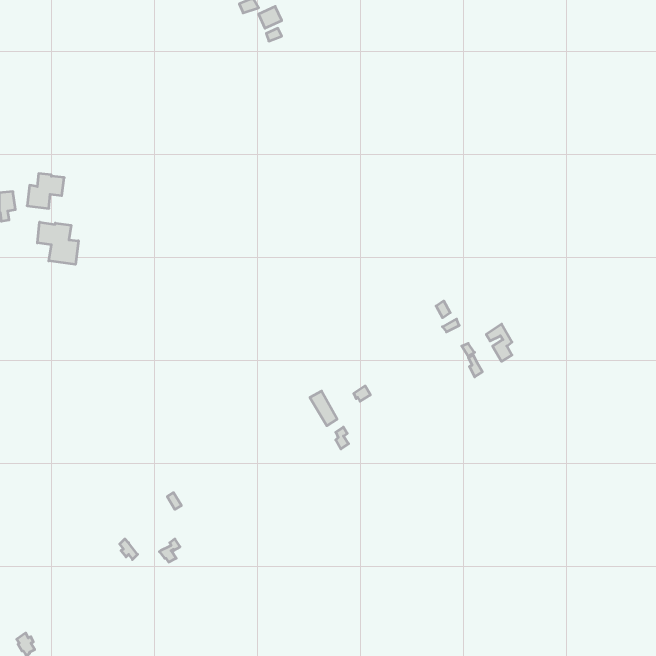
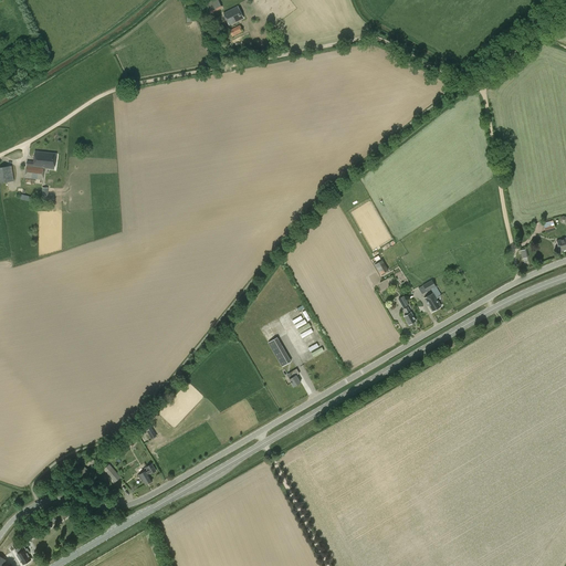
building: [37,222,78,264] -> none

